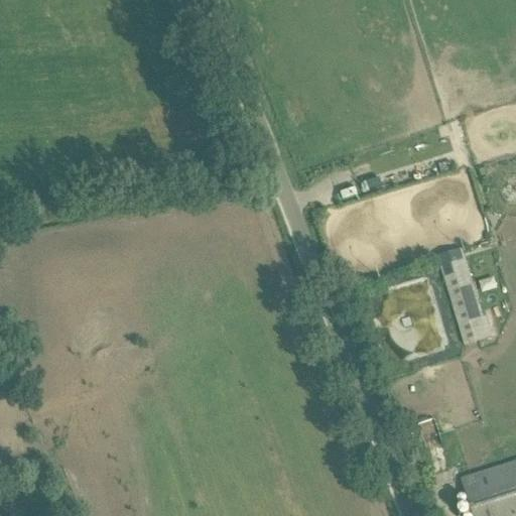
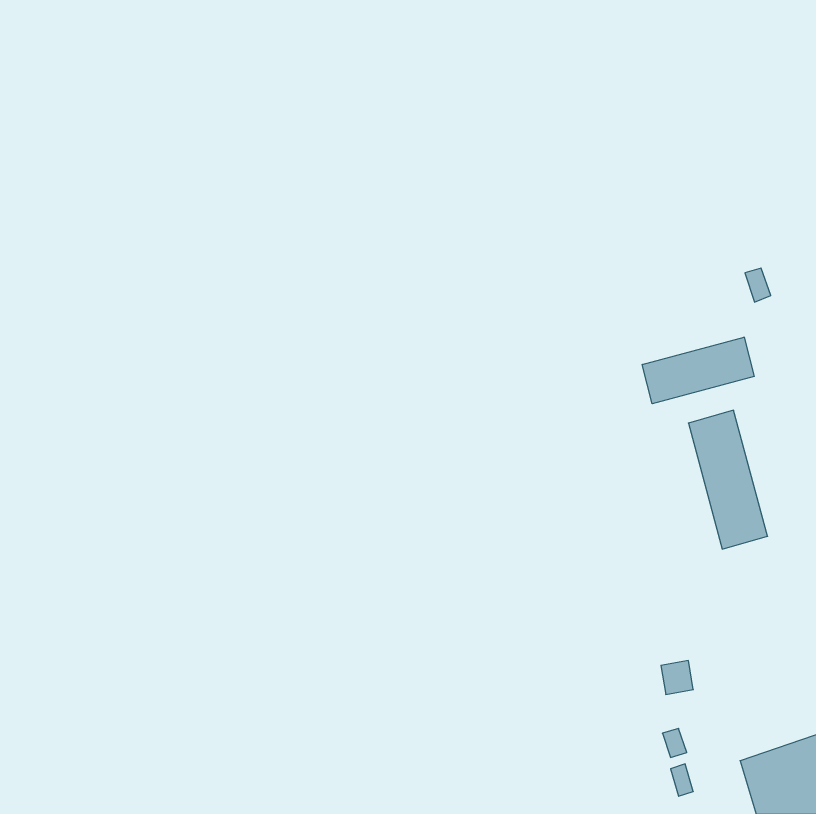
building: none -> [642,337,754,404]

